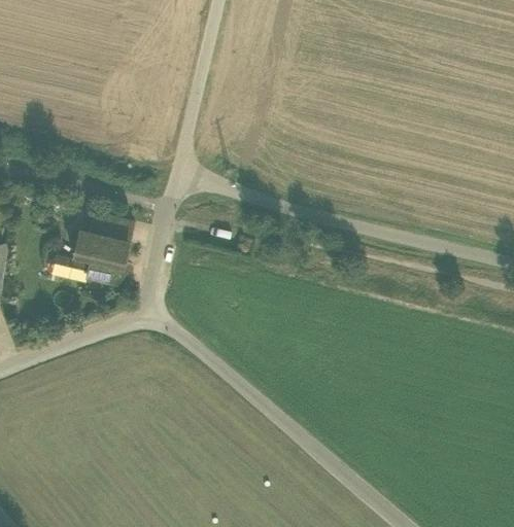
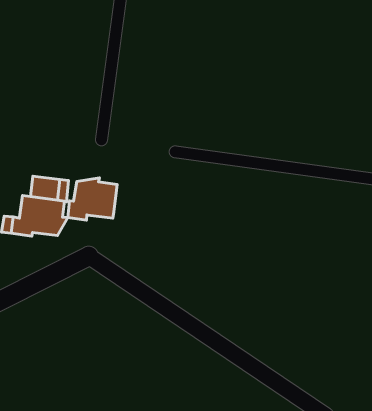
building: none -> [68,178,117,220]

